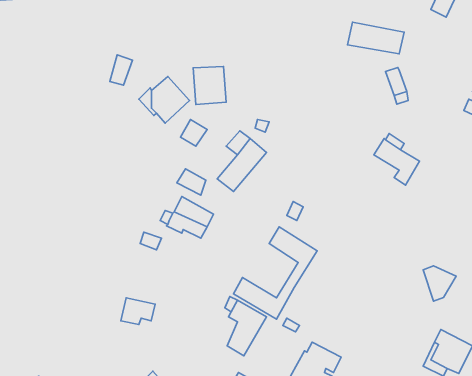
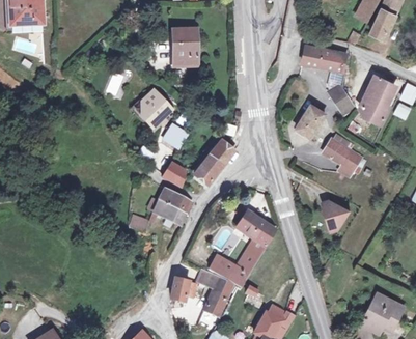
building: none -> [359,77,393,124]
building: [193,67,226,105] -> [171,30,198,61]
building: none -> [296,105,326,138]
building: [423,266,456,301] -> [321,198,348,227]
building: [121,298,155,325] -> [169,277,197,299]

